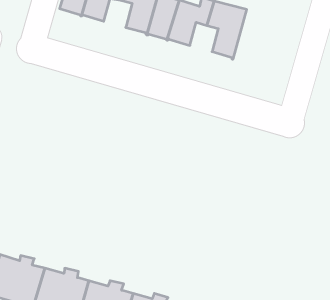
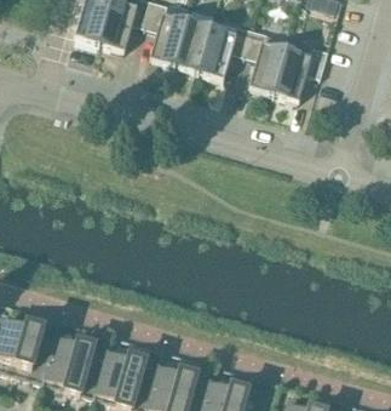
building: none -> [274,38,328,101]

